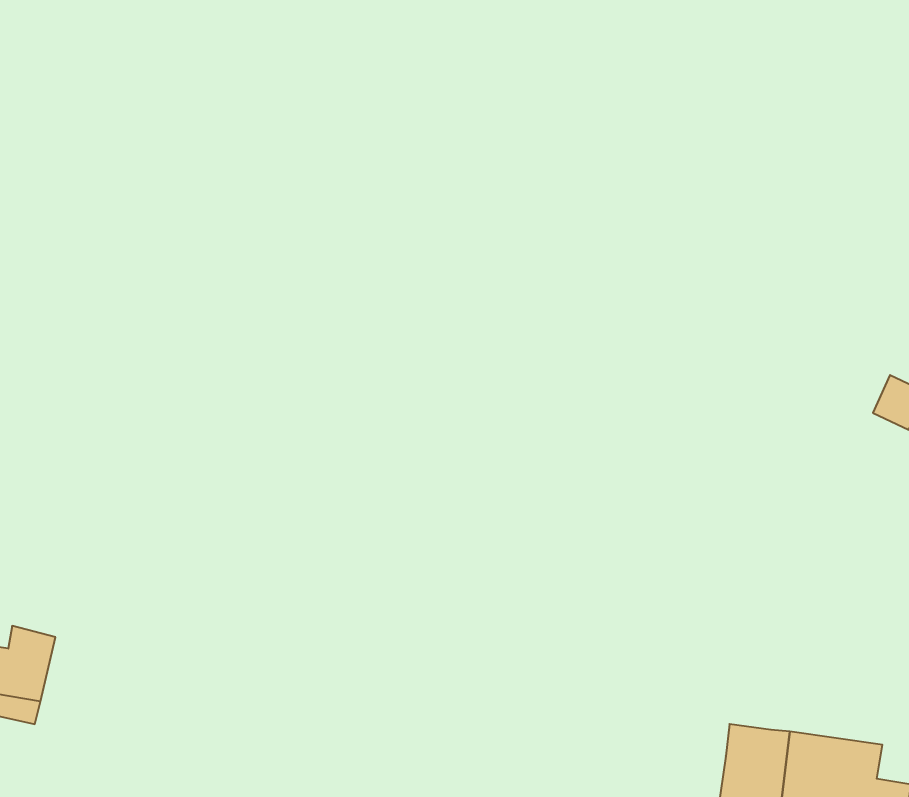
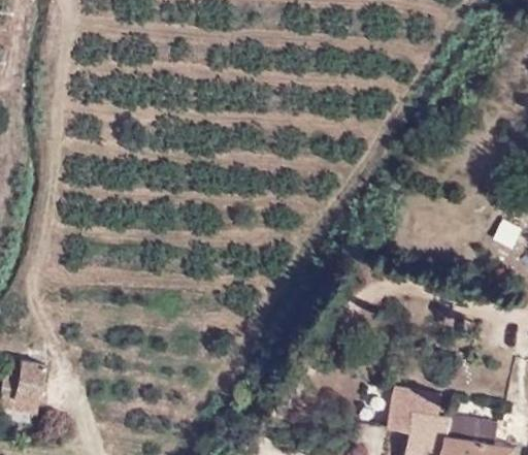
building: none -> [388,387,439,429]

